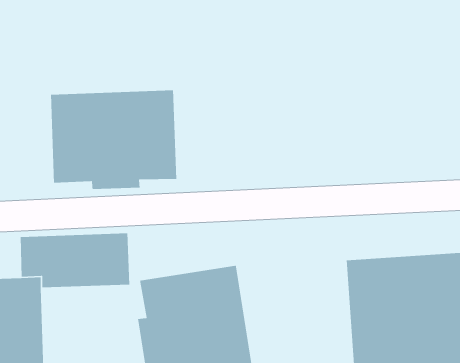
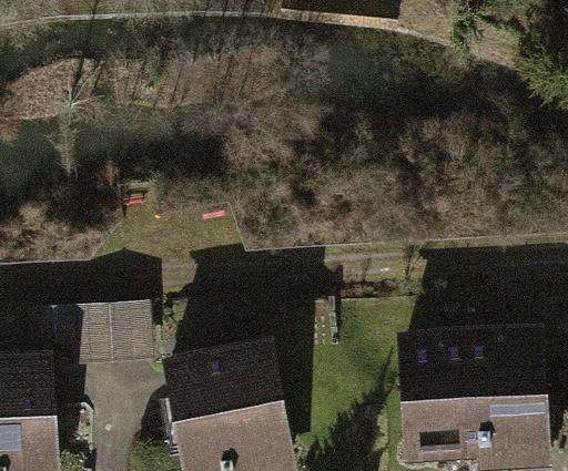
building: [50,89,177,190] -> none

